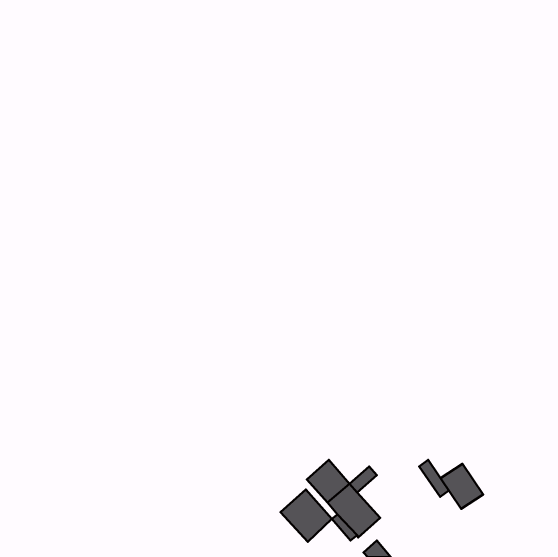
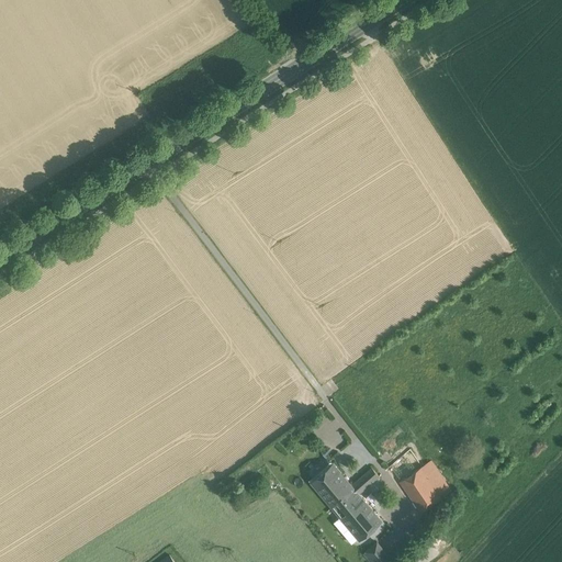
building: [441,464,483,509] -> [400,469,442,514]
building: [280,489,332,542] -> none

